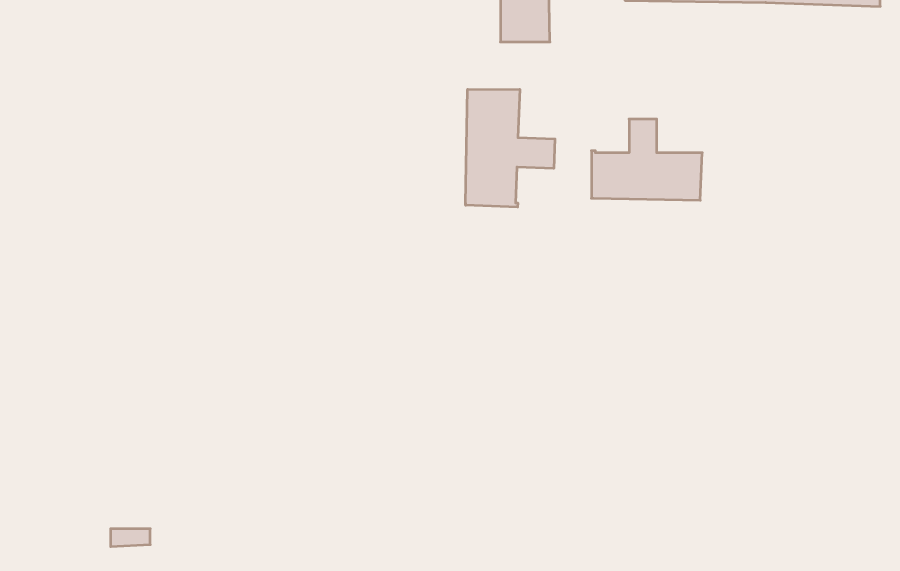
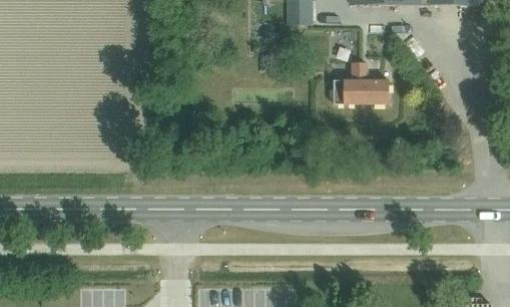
building: [466,89,555,207] -> none

